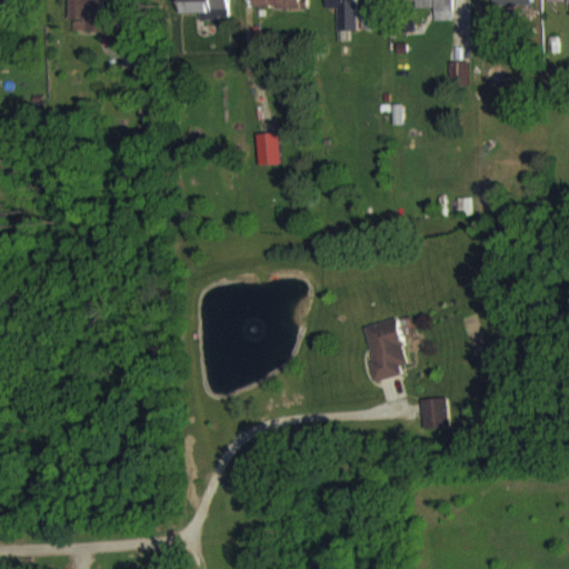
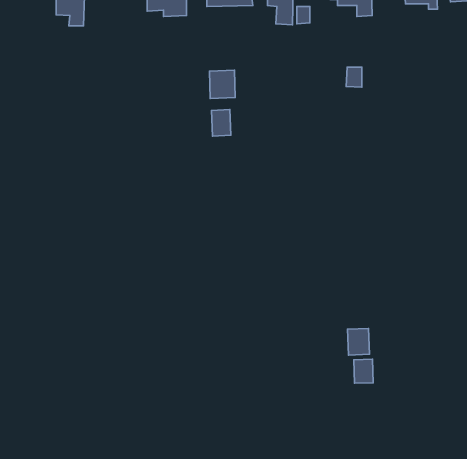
building: [447,61,466,86] -> [346,67,362,87]
building: none -> [209,70,235,98]
building: [362,318,407,381] -> none
building: none -> [354,359,373,383]

